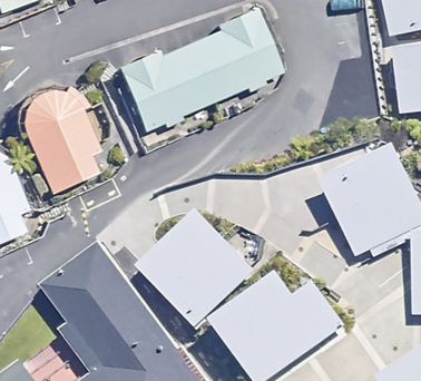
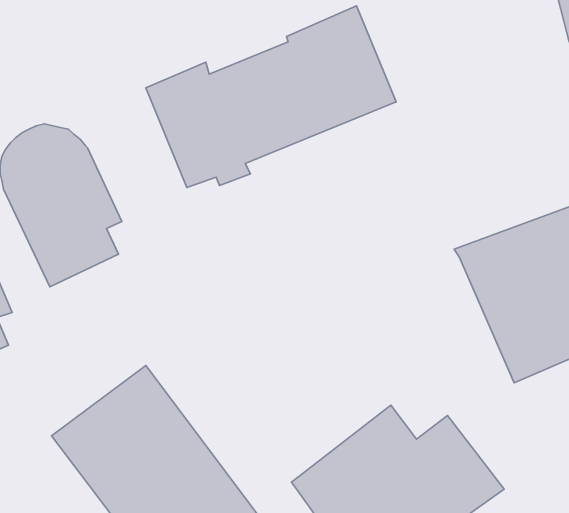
building: [137,212,255,331] -> none

